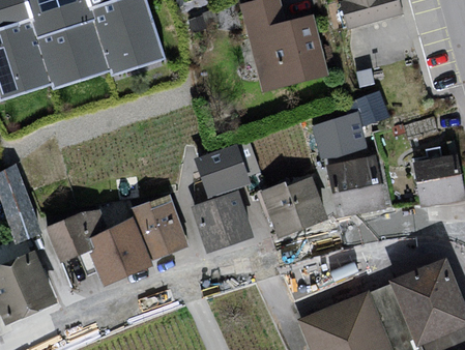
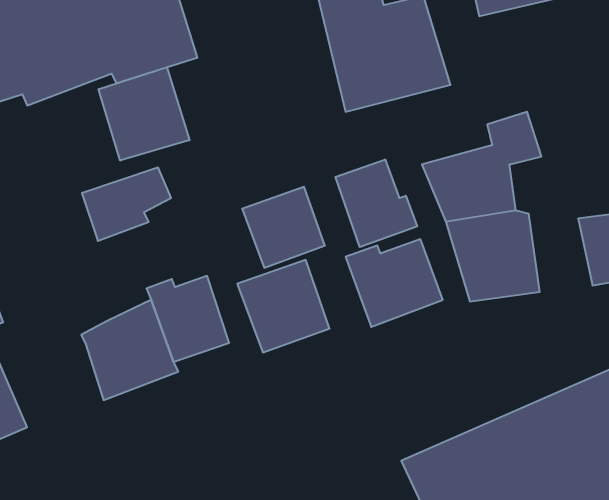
building: none -> [99,67,190,161]
building: none -> [335,159,417,247]
building: [49,210,107,258] -> [82,168,171,241]

